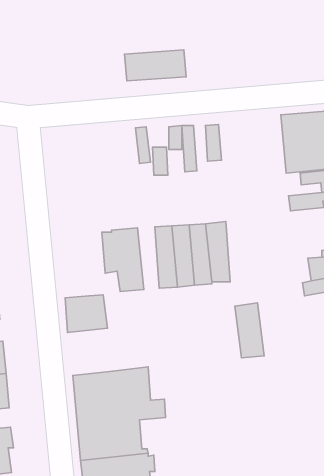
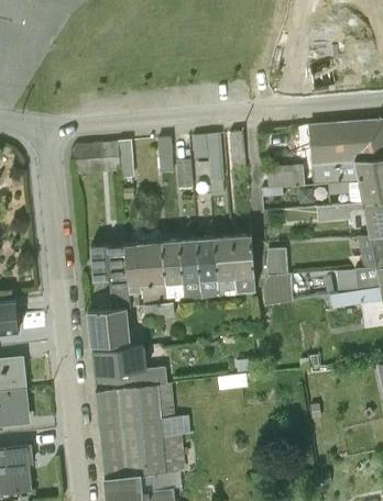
building: [125,50,186,81] -> [69,144,132,176]
building: none -> [267,166,303,189]
building: none -> [161,240,183,303]
building: none -> [89,245,130,310]
building: [235,303,264,358] -> [267,248,297,304]
building: none -> [90,346,145,391]

